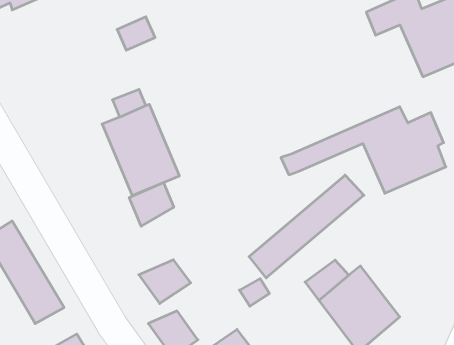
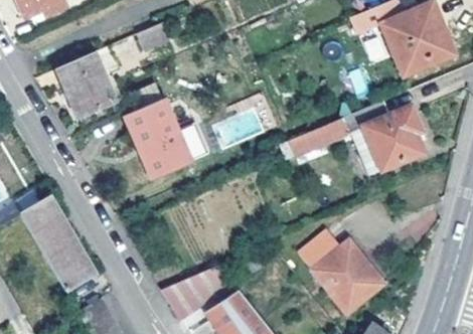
building: none -> [57,52,114,117]
building: [249,175,364,278] -> none
building: [129,183,174,226] -> none
building: [139,260,191,304] -> [189,266,234,304]

